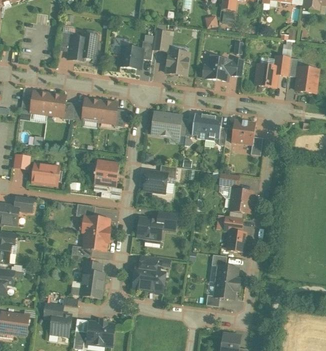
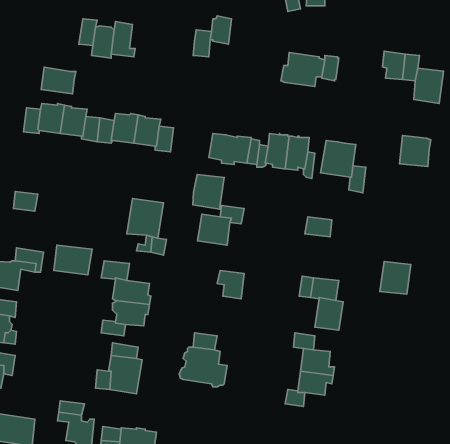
building: [118,46,141,68] -> none
building: [165,50,189,74] -> none
building: [255,64,277,86] -> [400,135,431,167]
building: none -> [41,67,76,94]
building: none -> [193,174,224,209]
building: [32,163,59,184] -> [54,245,92,275]
building: [230,189,252,212] -> [380,262,411,294]
building: [137,217,162,239] -> none

